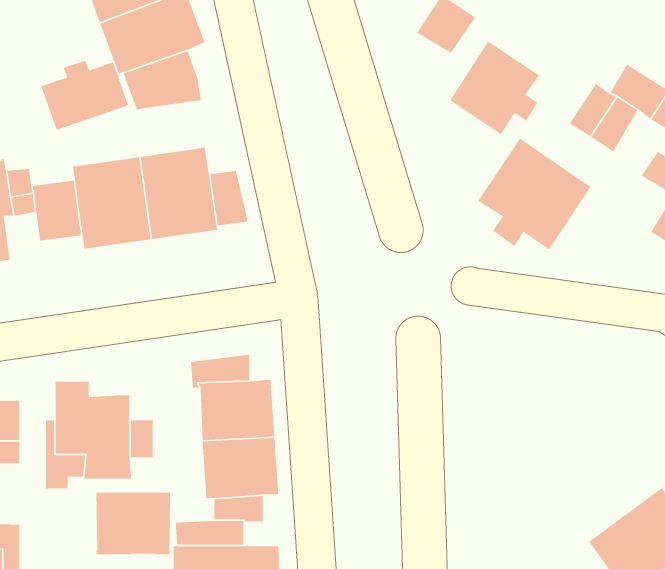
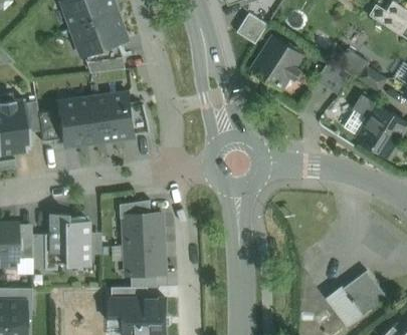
building: [40,60,129,131] -> none
building: [477,137,592,251] -> none
building: [95,492,171,555] -> none

